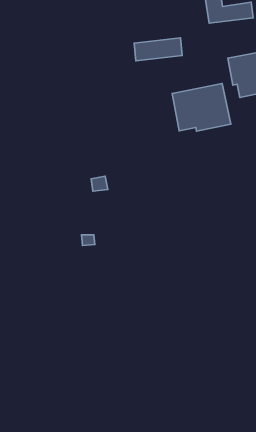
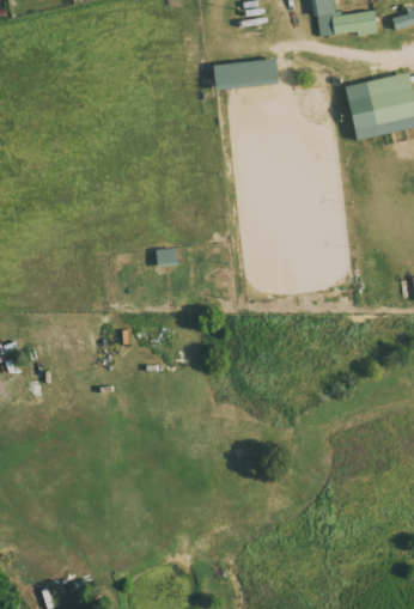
building: [172,84,231,131] -> none

